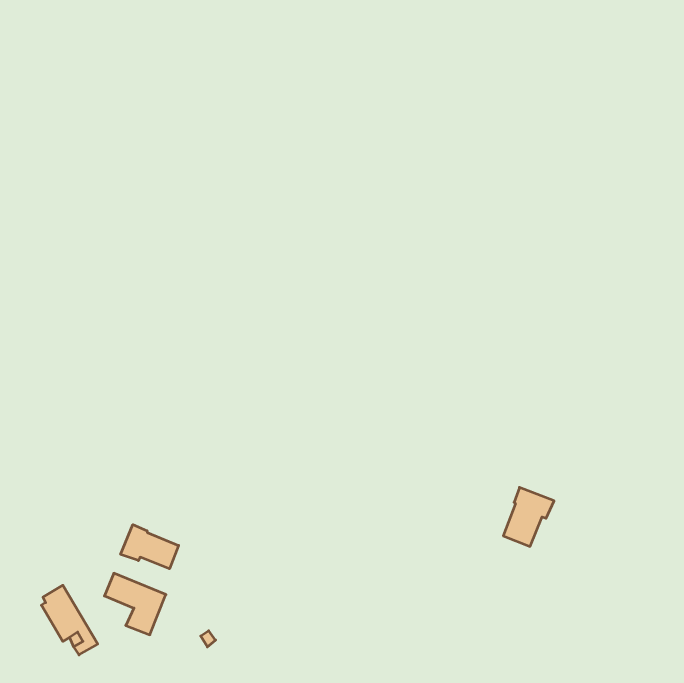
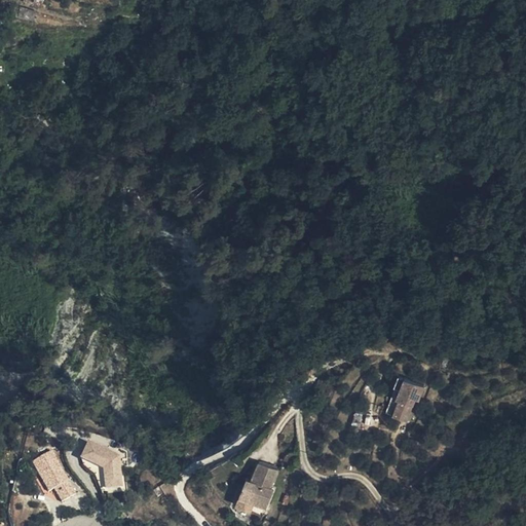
building: [121,525,179,569] -> none
building: none -> [236,461,278,514]

